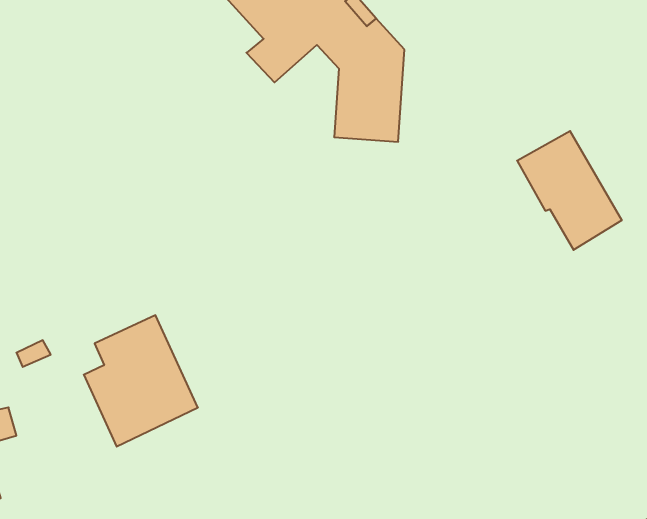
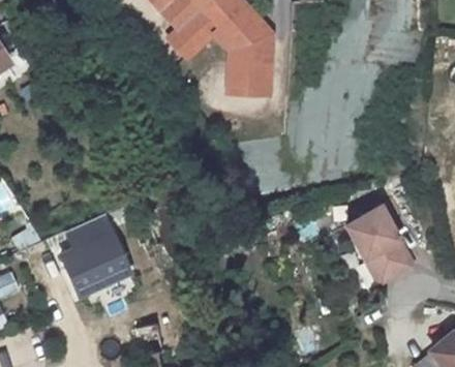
building: [517,131,622,250] -> [340,210,410,288]

